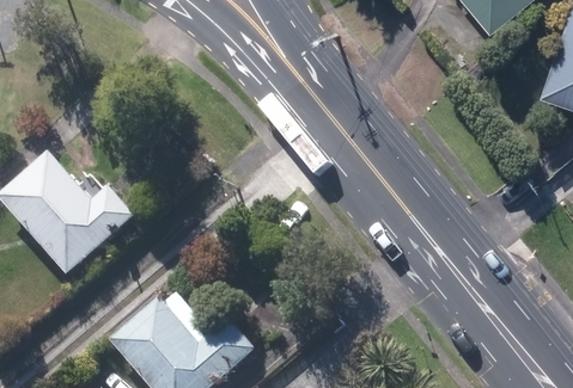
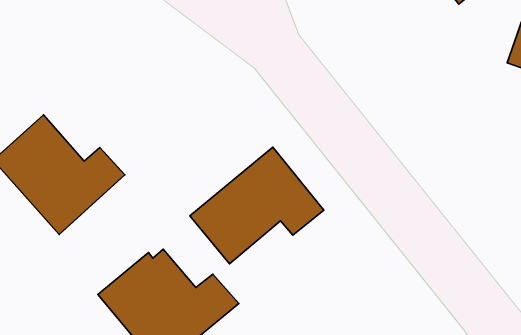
building: none -> [190,147,324,264]

